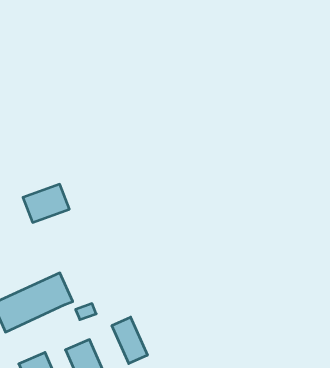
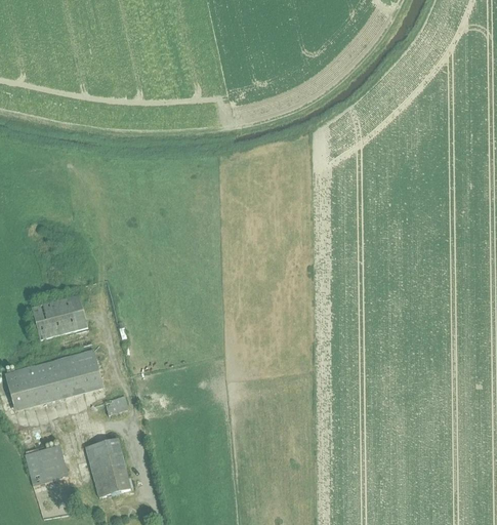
building: [23,184,69,222] -> [35,294,90,336]
building: [112,317,147,364] -> none

